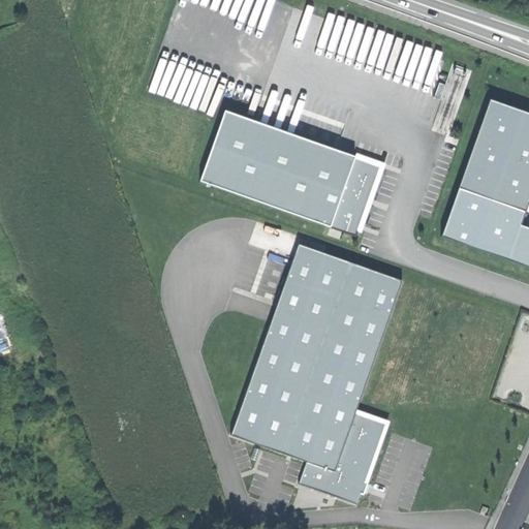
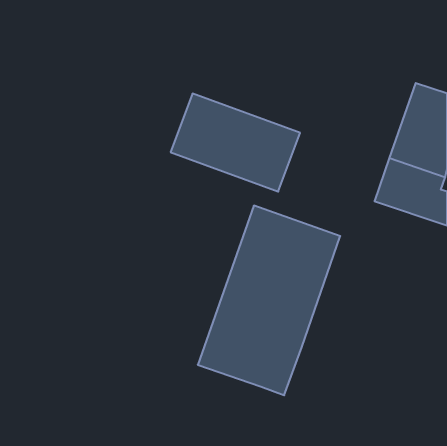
building: [329,157,379,236] -> none
building: [300,410,386,502] -> none

